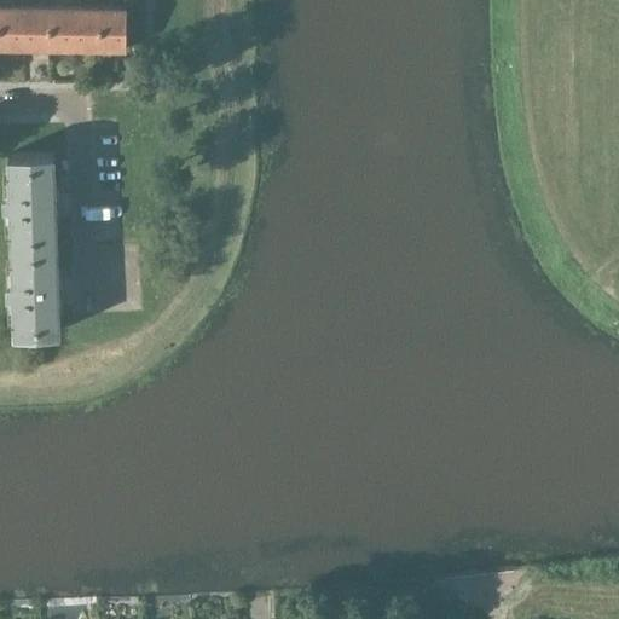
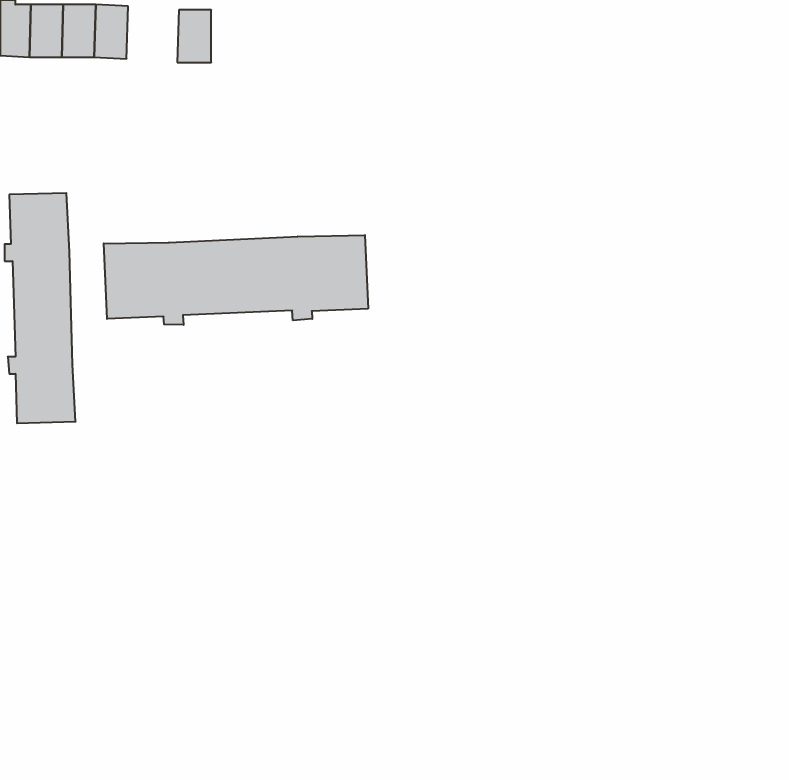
building: [99,12,126,53] -> [177,10,211,62]
building: none -> [104,235,368,325]

